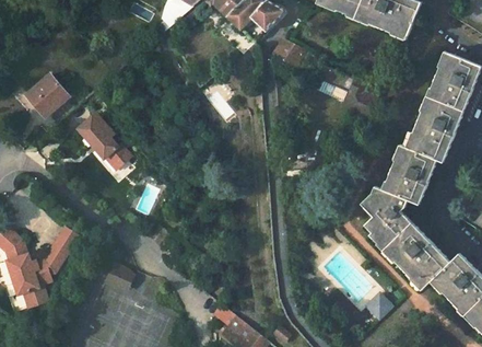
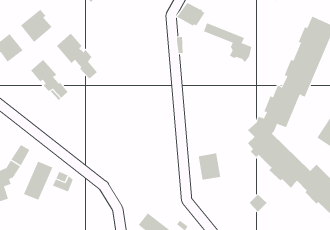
building: none -> [20,9,52,43]
building: none -> [56,33,98,80]
building: none -> [198,152,221,181]
building: none -> [23,161,53,201]

